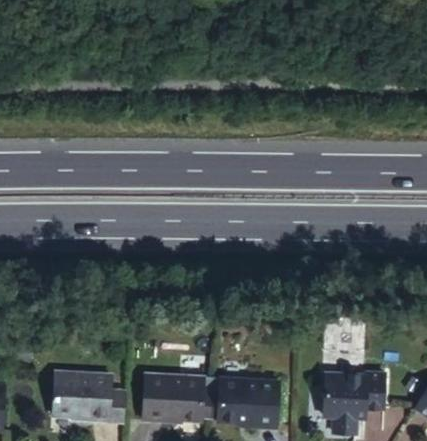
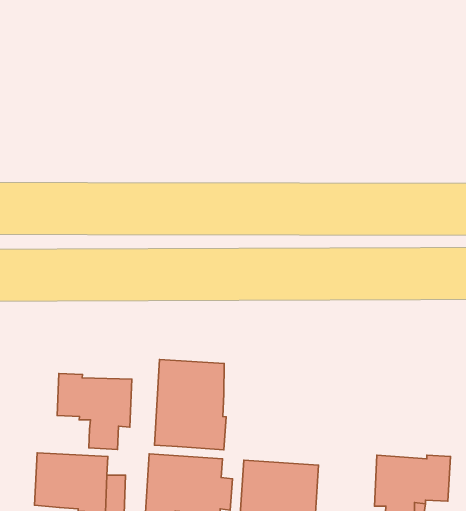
building: none -> [154,359,226,450]
building: none -> [57,373,132,449]

